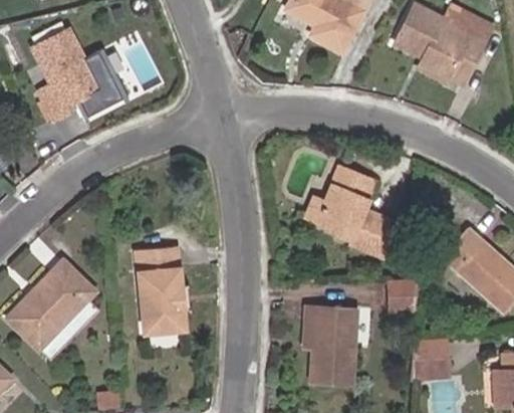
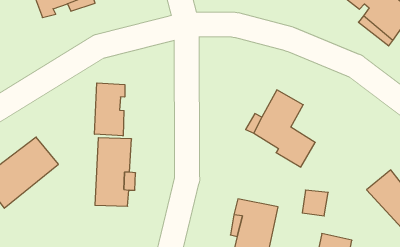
building: none -> [95,83,125,136]

